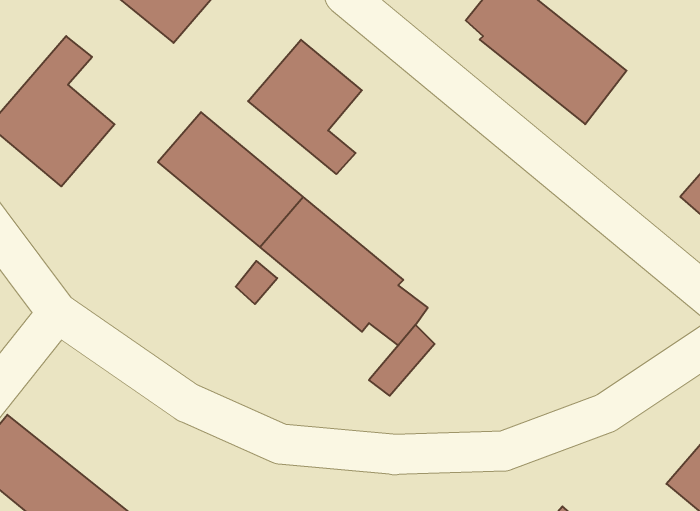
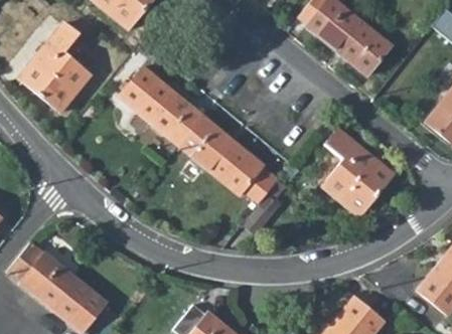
building: [248,40,362,174] -> none
building: none -> [322,131,393,216]

